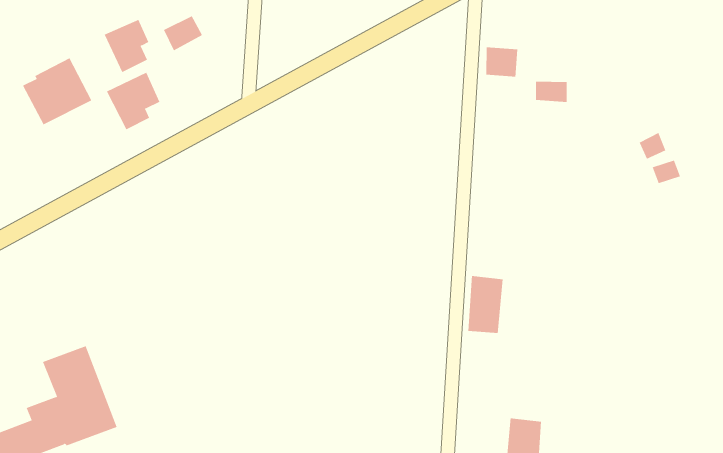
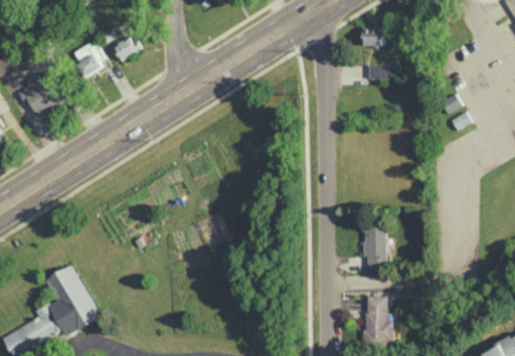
building: [485,47,518,77] -> [362,27,384,46]
building: [106,72,160,130] -> none
building: [468,275,503,333] -> [365,226,387,264]

